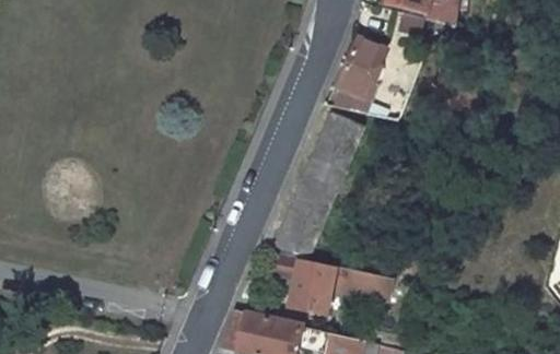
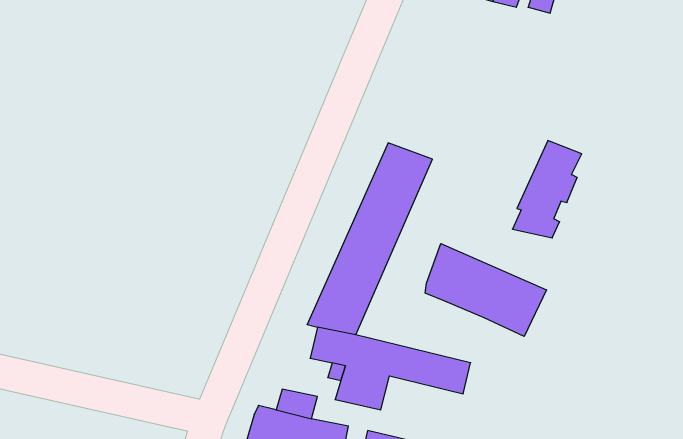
building: [336,43,387,115] -> [512,141,582,238]
building: none -> [425,244,546,336]

